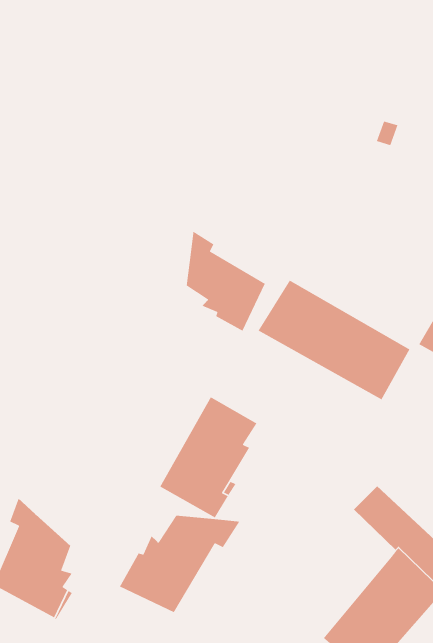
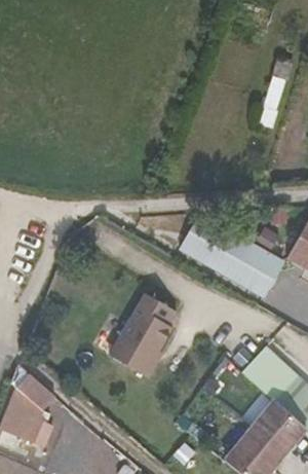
building: [186,230,266,332] -> none
building: [119,515,241,613] -> none

